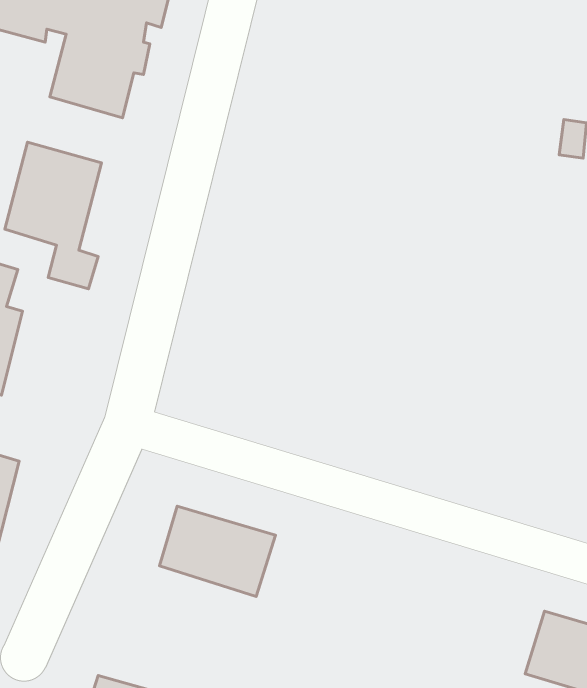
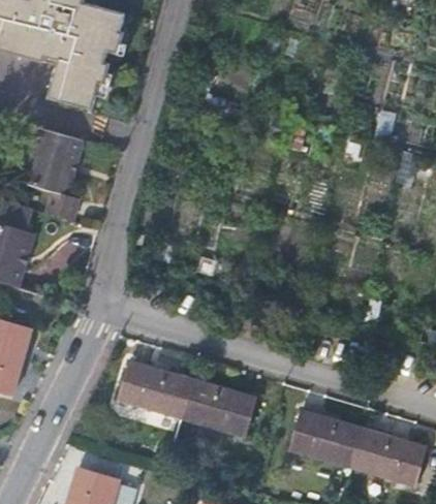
building: none -> [181,378,254,435]
building: none -> [289,408,366,467]

